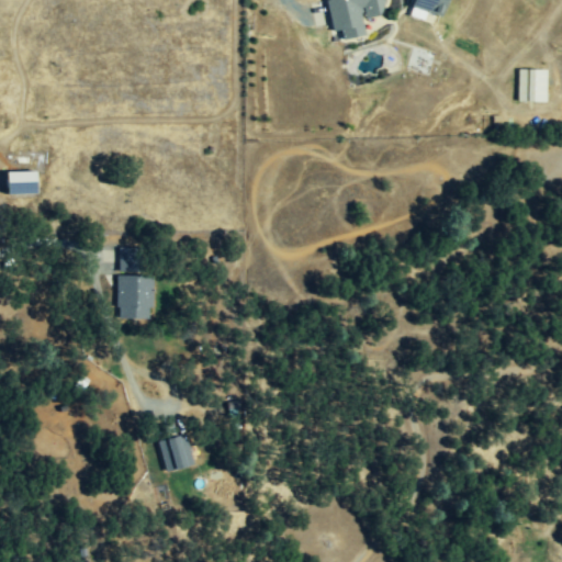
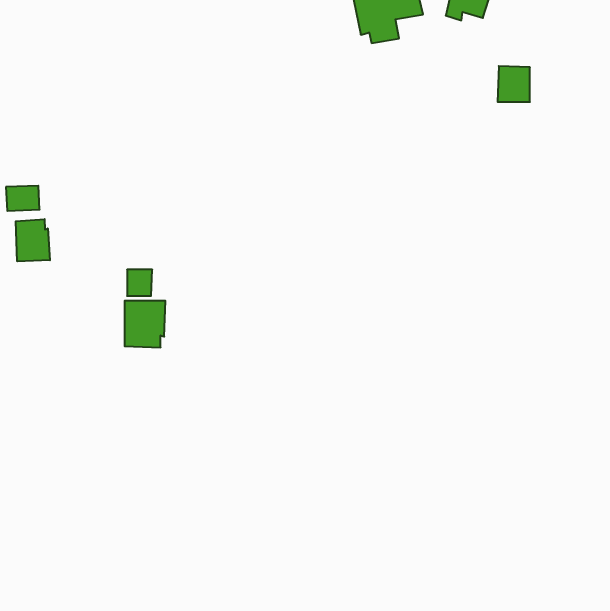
building: [517,68,547,101] -> [498,66,530,102]
building: none -> [16,219,50,261]
building: [159,434,194,472] -> none

